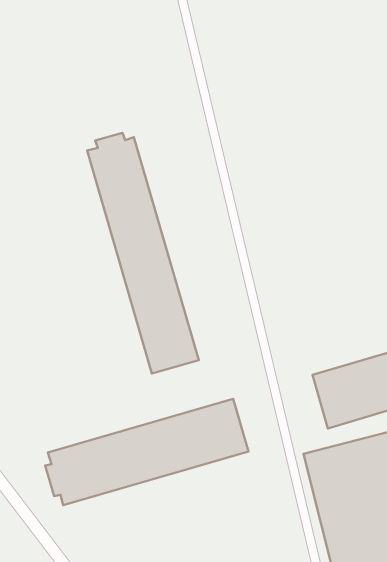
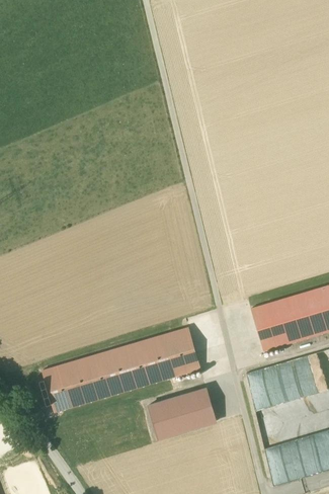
building: [87,133,199,374] -> none
building: none -> [148,389,216,438]

